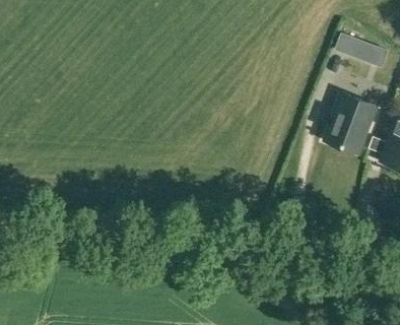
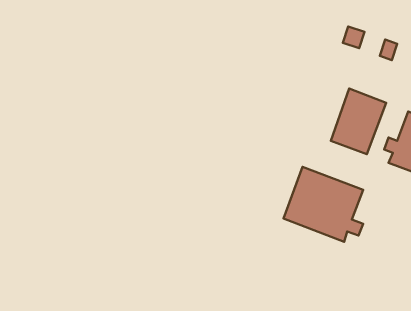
building: none -> [284,167,363,242]

